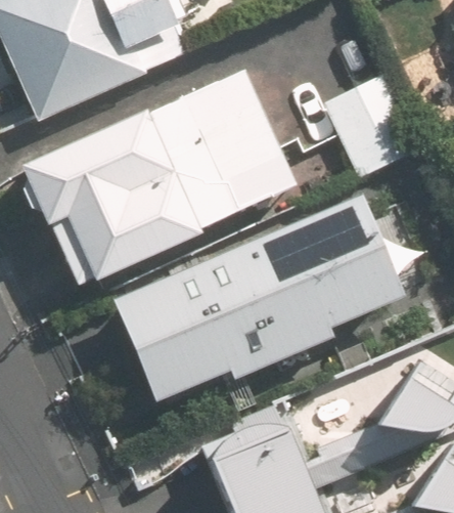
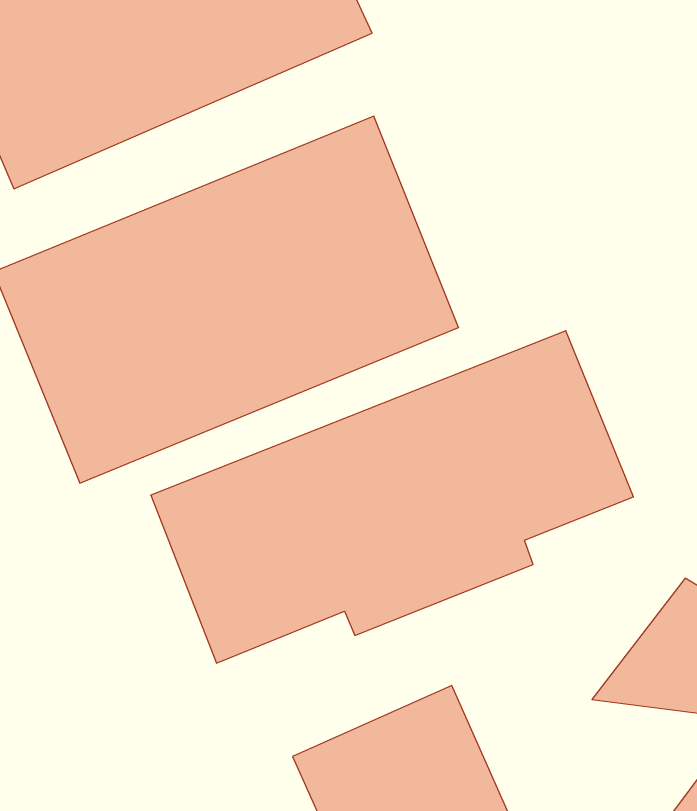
building: [325,73,425,176] -> none

